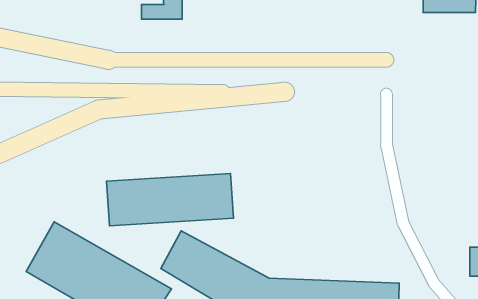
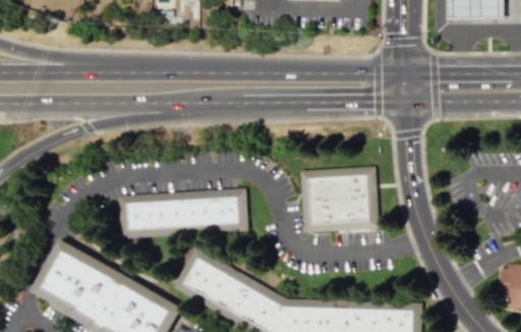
building: none -> [302,164,380,232]

